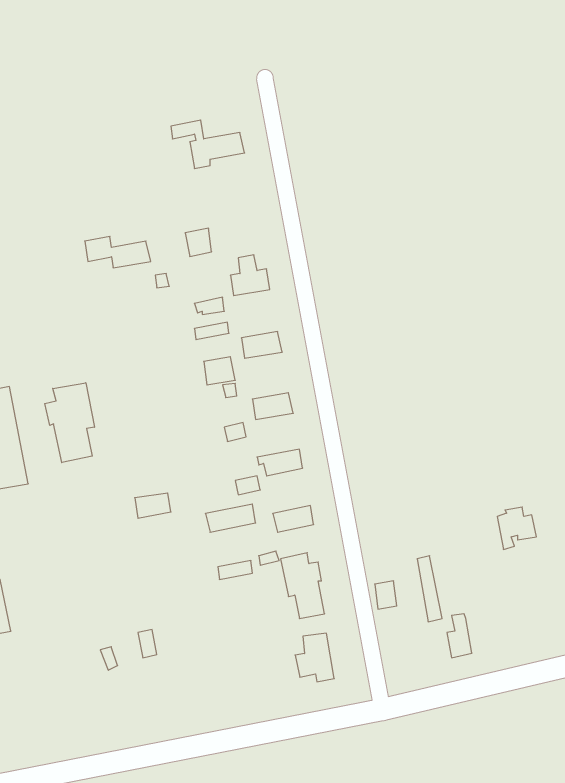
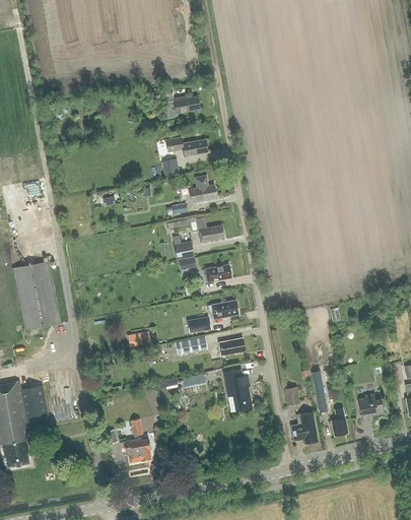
building: [85,236,151,268] -> [165,135,208,155]
building: [45,383,94,463] -> none
building: [497,507,536,549] -> [358,393,384,420]
building: [295,633,334,682] -> [291,411,317,443]
building: none -> [126,438,150,461]

